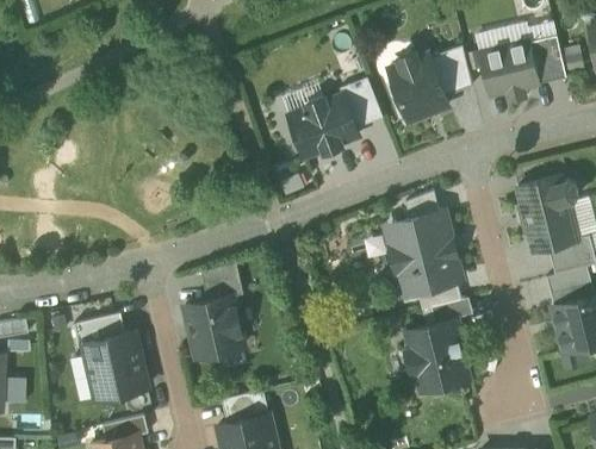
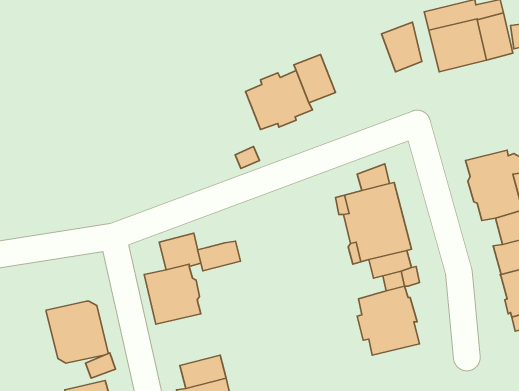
building: [387,54,447,123] -> none
building: [281,85,322,118] -> none
building: none -> [198,241,240,271]
building: [73,314,124,347] -> none

